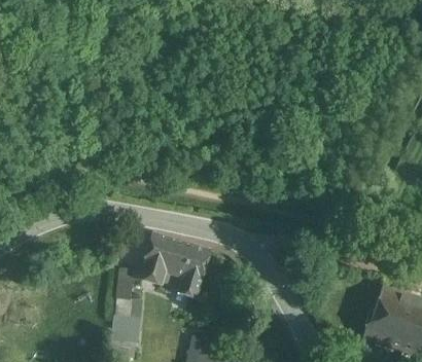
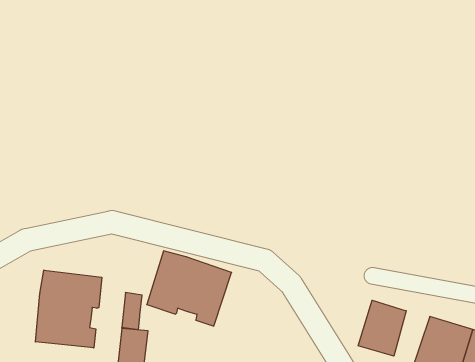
building: none -> [35,270,102,348]
building: none -> [358,300,406,356]

